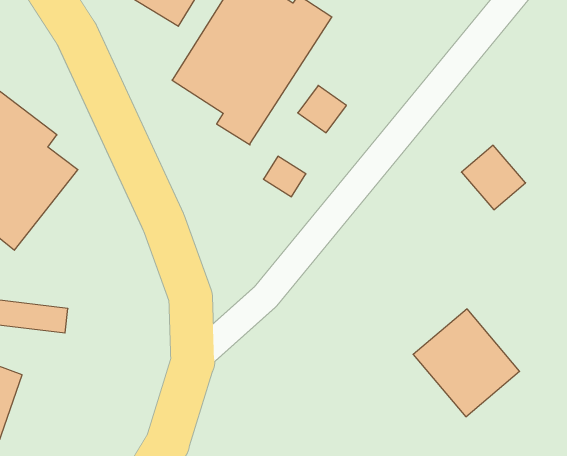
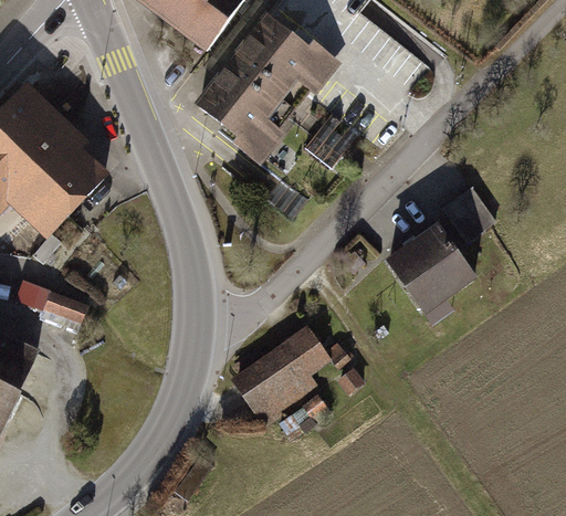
building: [413,309,520,417] -> [386,221,478,315]
building: none -> [231,324,366,422]

